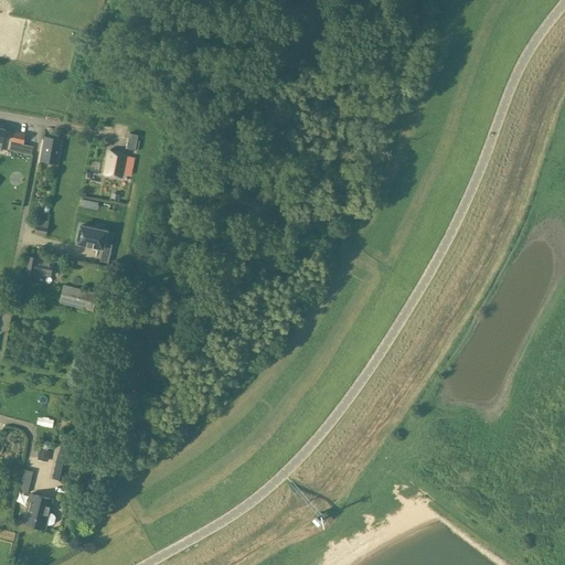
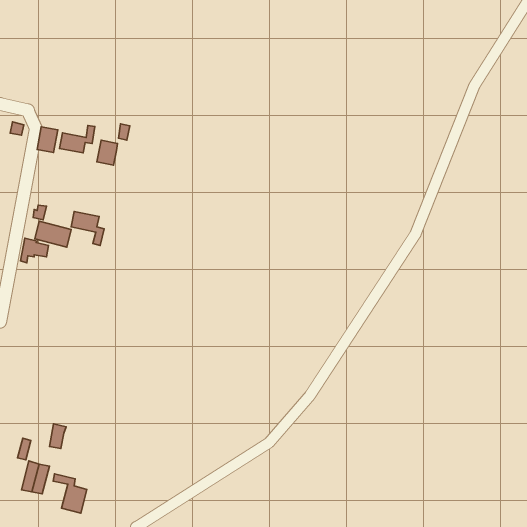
building: none -> [59,126,95,153]
building: [58,284,97,311] -> [35,221,71,247]
building: none -> [53,474,87,513]

